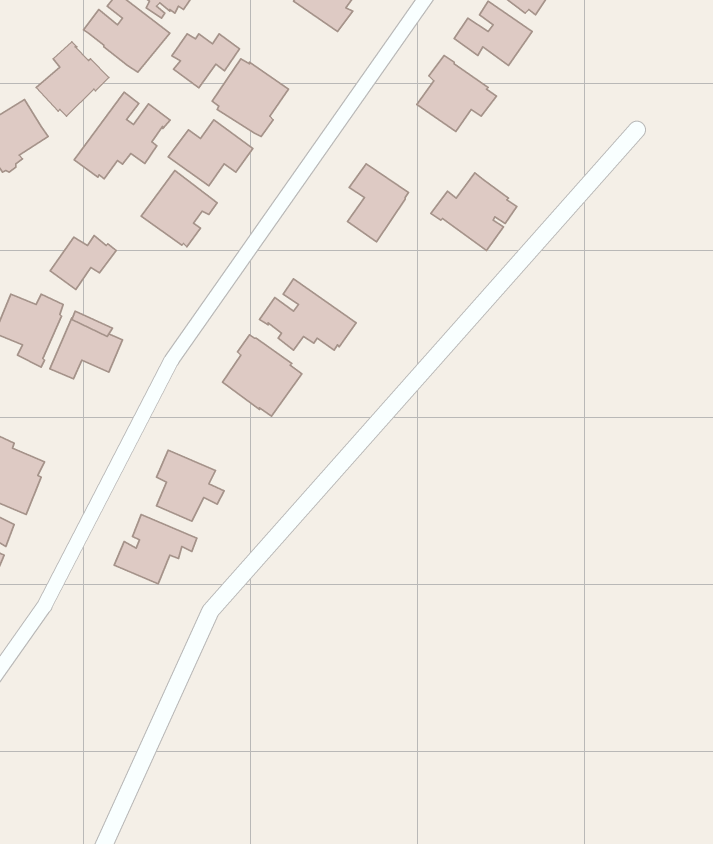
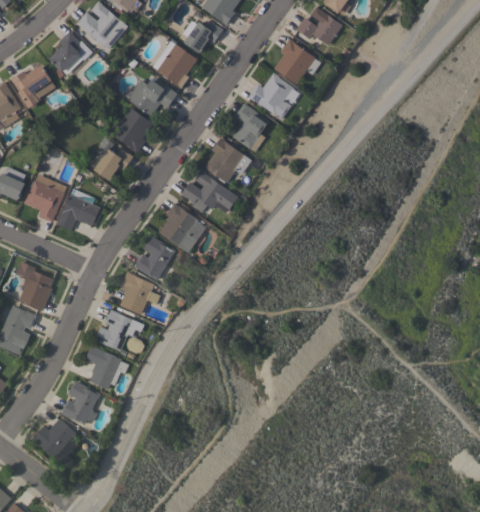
building: [172,34,240,88] -> [182,21,222,53]
building: [74,92,170,179] -> none
building: [431,173,517,251] -> [247,73,298,119]
building: none -> [203,137,251,183]
building: [50,235,116,290] -> [94,148,133,180]
building: none -> [134,235,175,280]
building: none -> [85,345,128,389]
building: none -> [61,380,100,425]
building: none -> [31,418,76,458]

